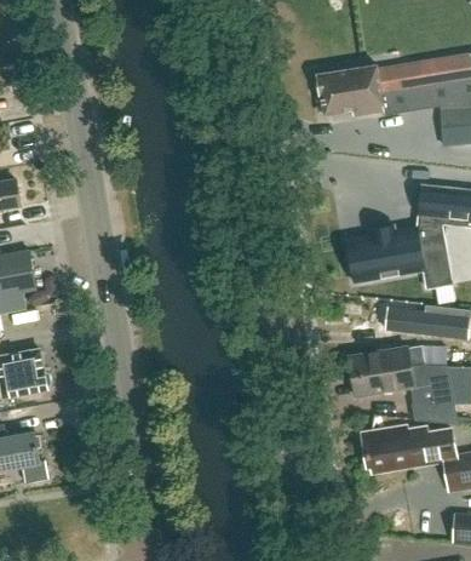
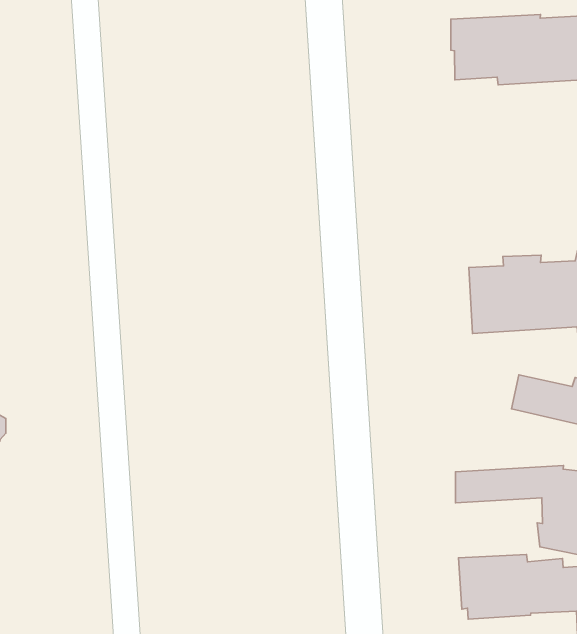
building: [349,345,424,376] -> none

